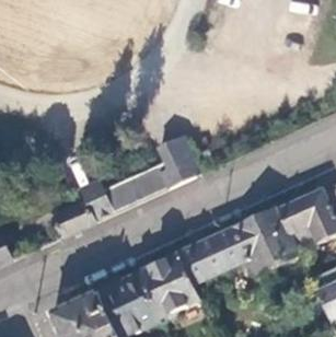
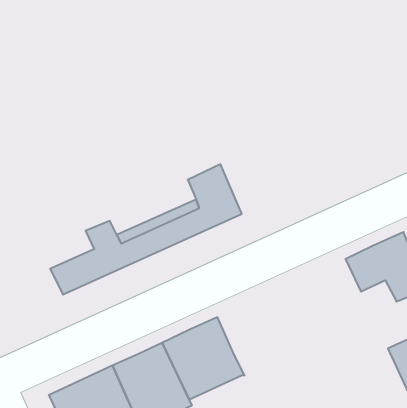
building: [179,209,300,283] -> none

